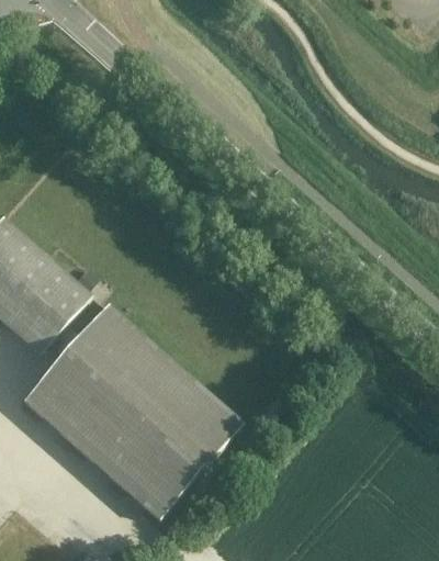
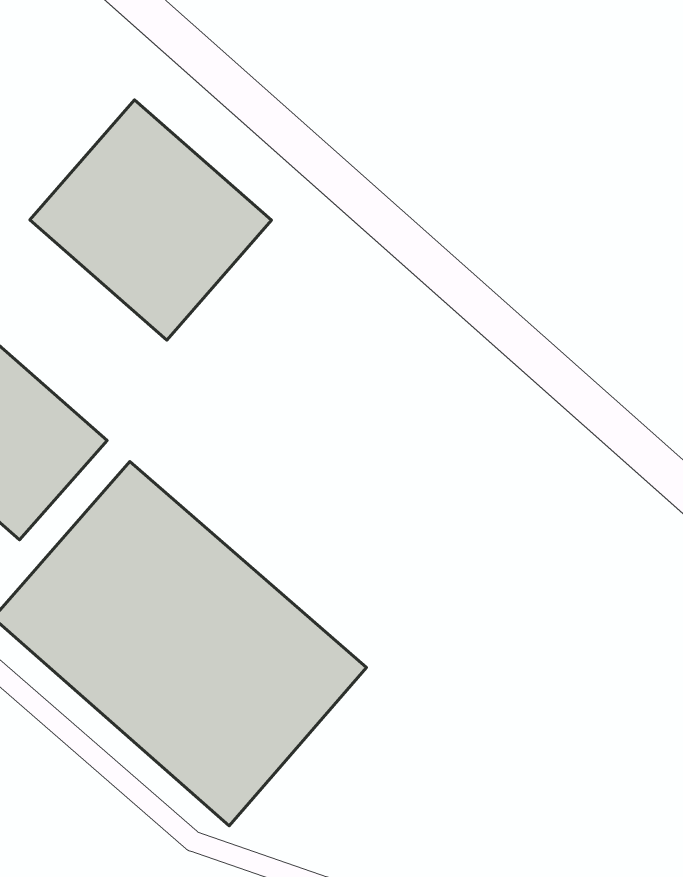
building: none -> [30,100,272,340]

